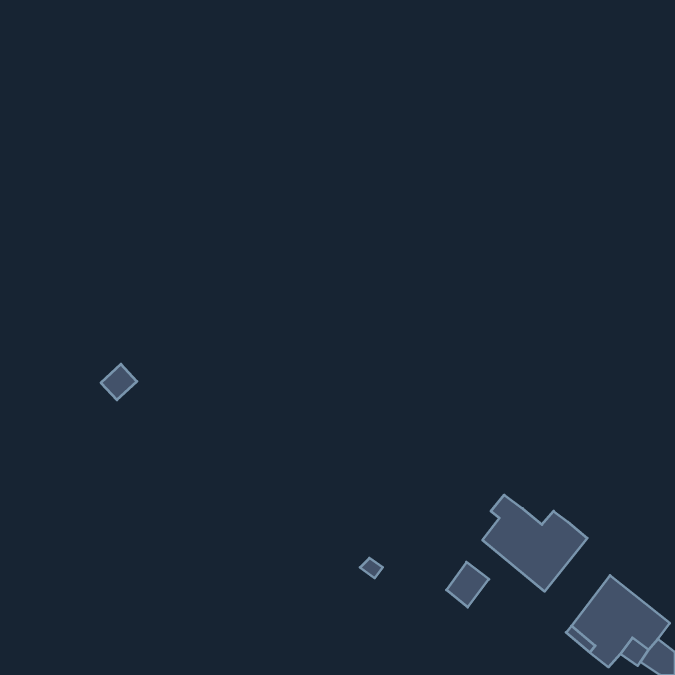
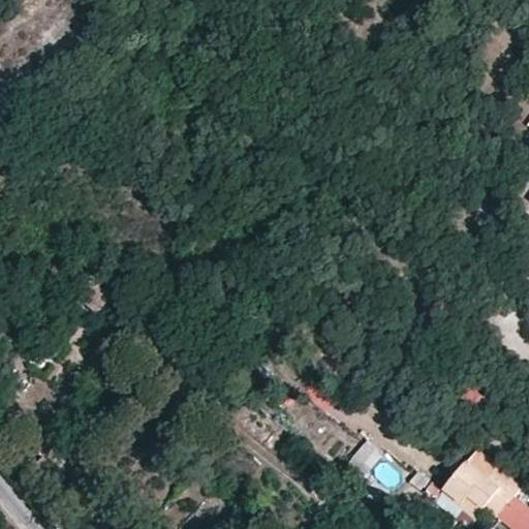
building: [483,495,587,591] -> none

